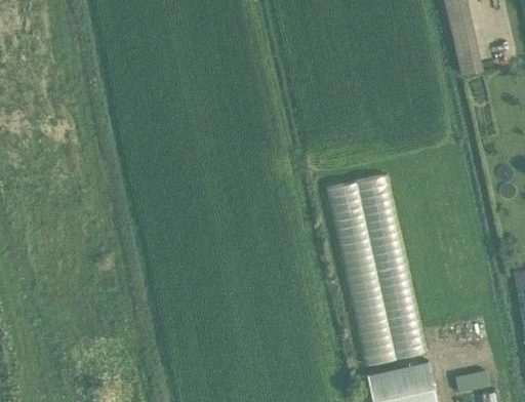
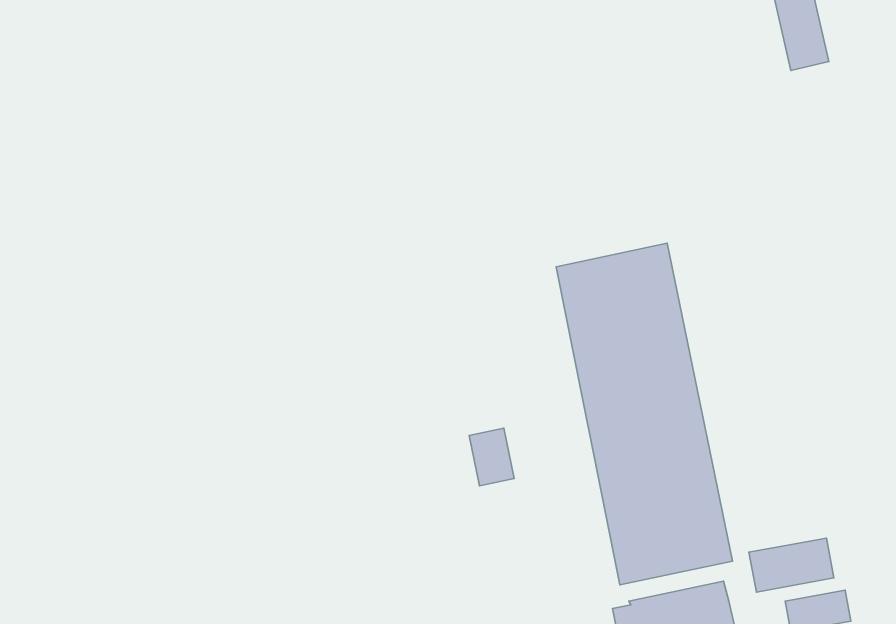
building: none -> [469,428,514,486]
building: none -> [749,538,834,592]

